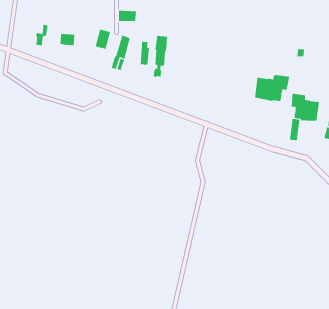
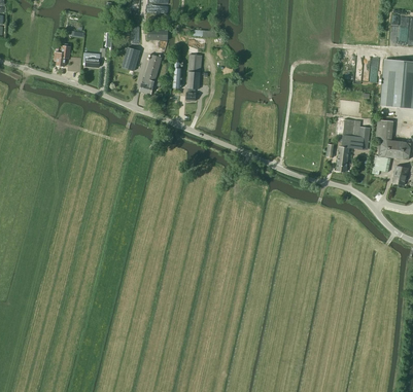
building: [255,74,290,102] -> none

